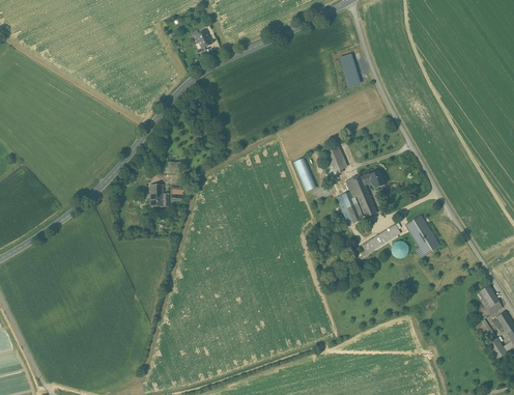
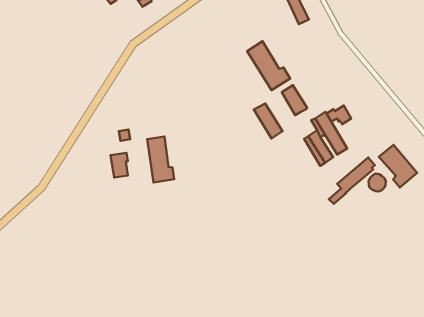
building: none -> [247,41,290,90]
building: none -> [147,137,174,182]

